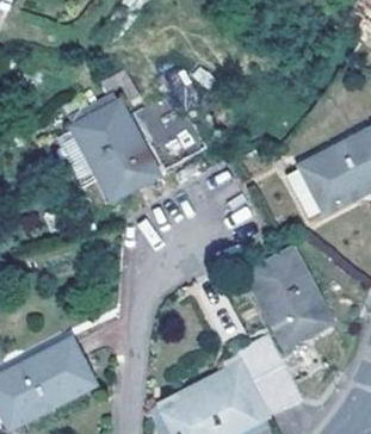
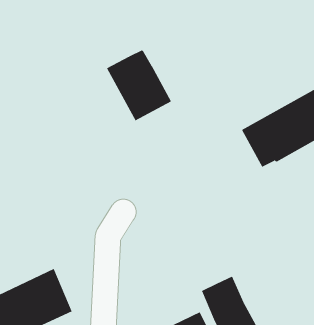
building: [74,104,157,199] -> none
building: [247,254,328,349] -> none

